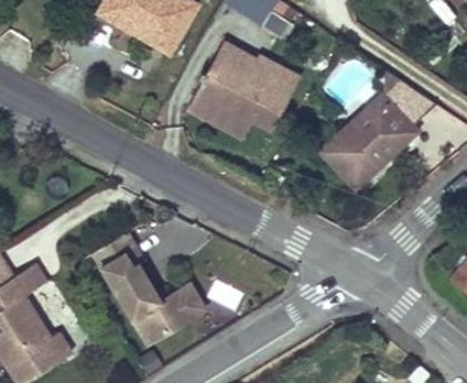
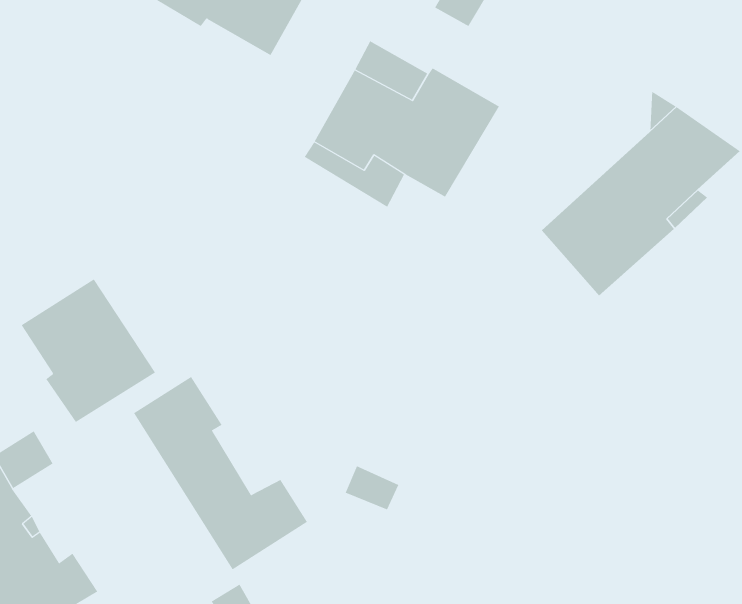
building: none -> [21,279,156,423]

